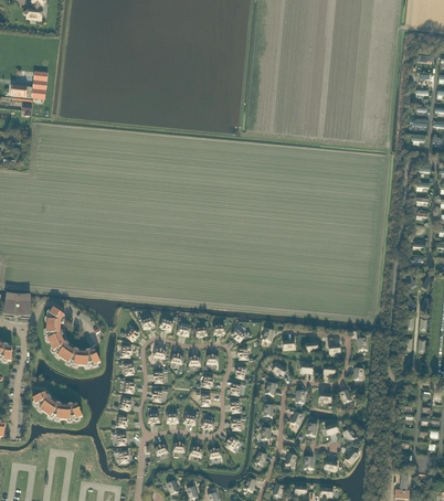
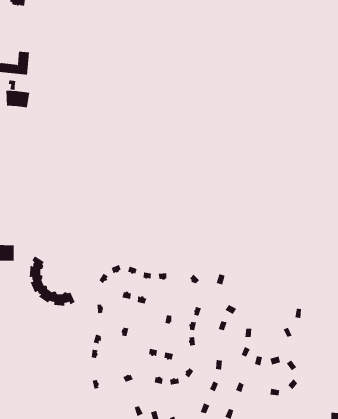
building: none -> [6,90,30,108]
building: [32,391,82,419] -> none

